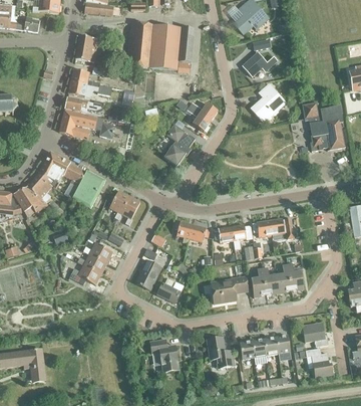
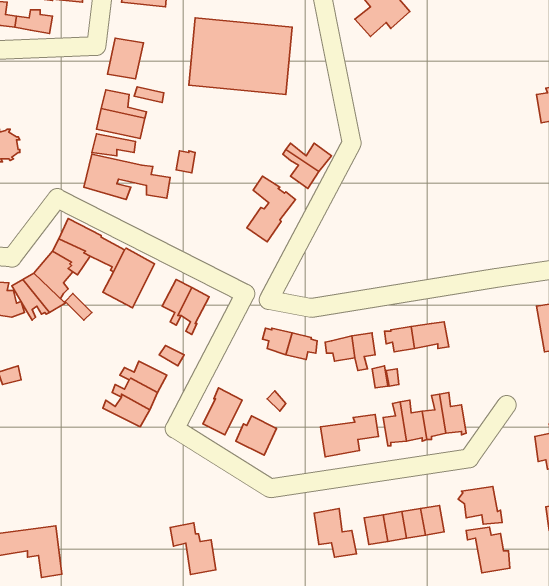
building: [242,52,277,76] -> none
building: [251,83,285,122] -> none
building: [302,102,344,150] -> none
building: [149,339,178,372] -> [170,523,216,574]

